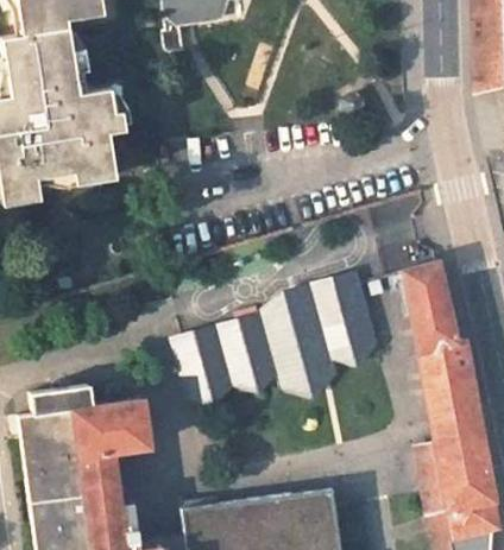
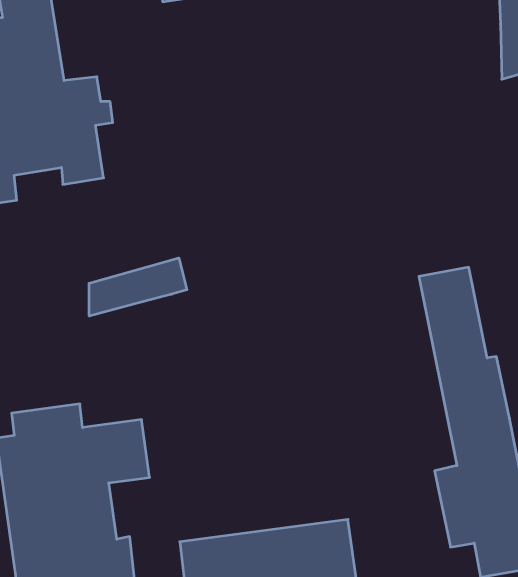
building: none -> [89,258,187,316]
building: [169,270,380,406] -> none

